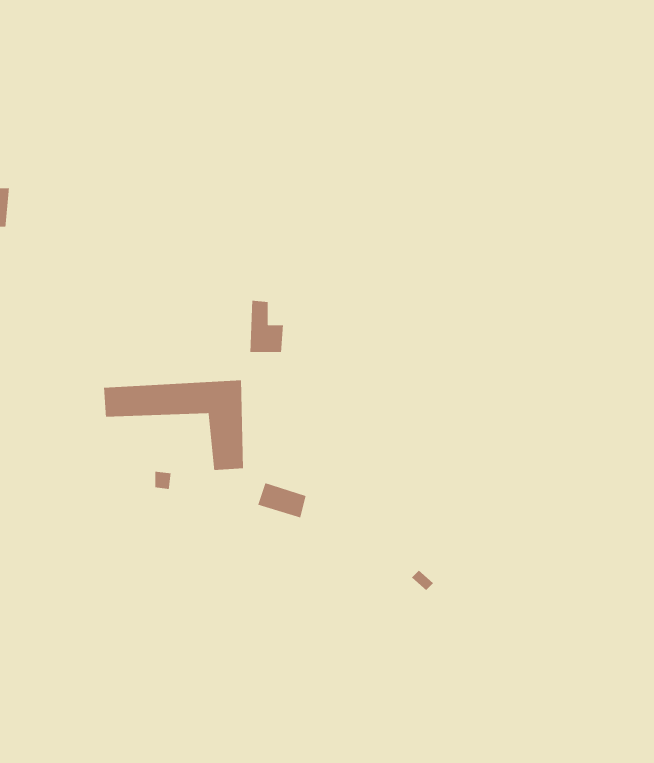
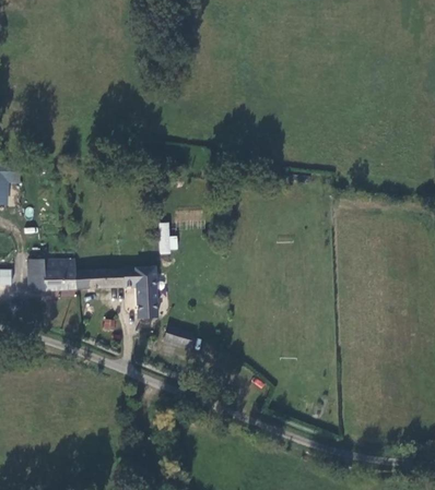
building: none -> [26,260,74,294]

